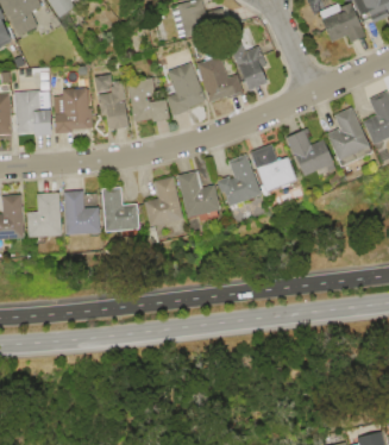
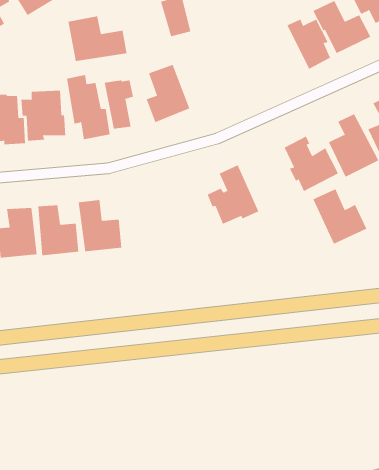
building: none -> [68,15,127,62]
building: [230,45,270,92] -> [287,19,331,70]
building: [195,55,244,102] -> none
building: [252,143,302,194] -> [312,189,367,245]
building: [178,169,227,224] -> none
building: [145,176,184,228] -> none

